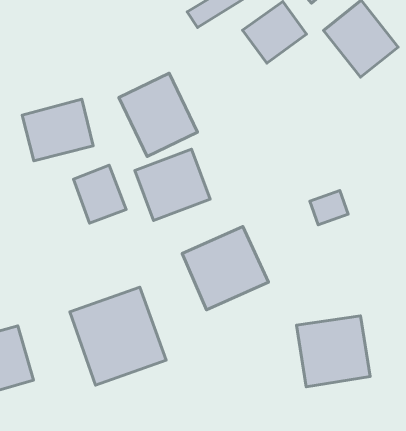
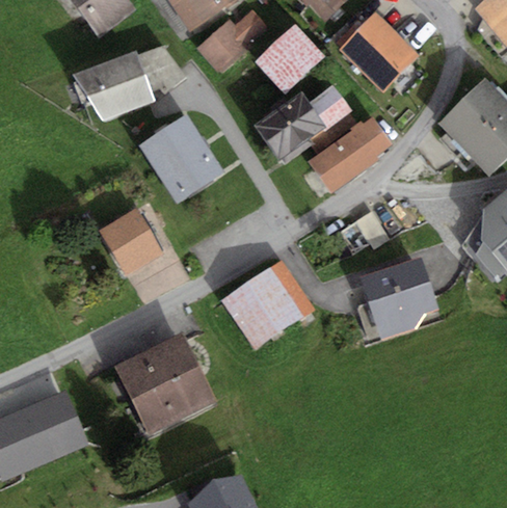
building: none -> [246,86,347,162]
building: [22,99,93,161] -> [74,56,150,125]
building: none -> [309,118,392,191]
building: [135,149,210,220] -> none
building: [297,316,370,387] -> [359,258,441,337]

